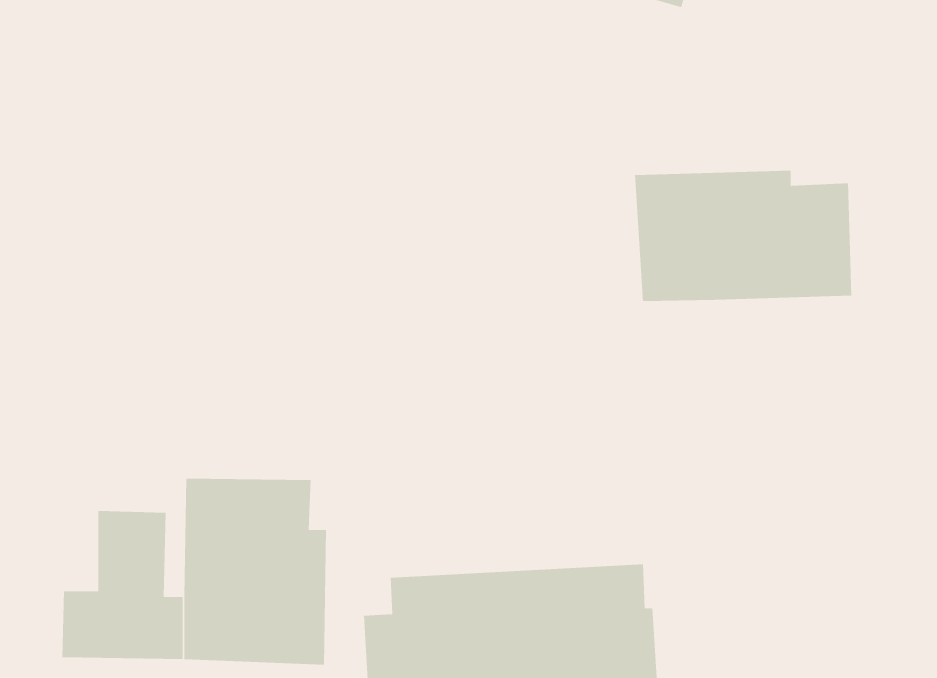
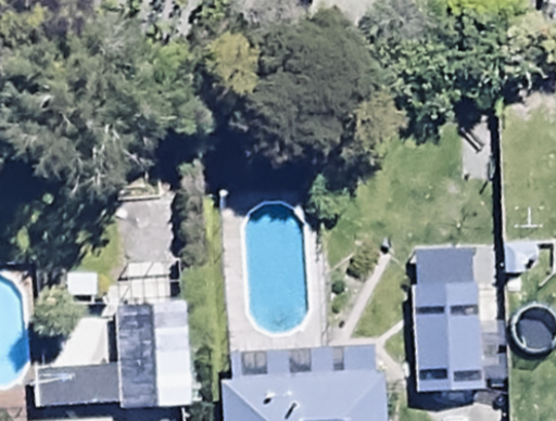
building: [634,170,852,302] -> none
building: none -> [412,246,505,394]

